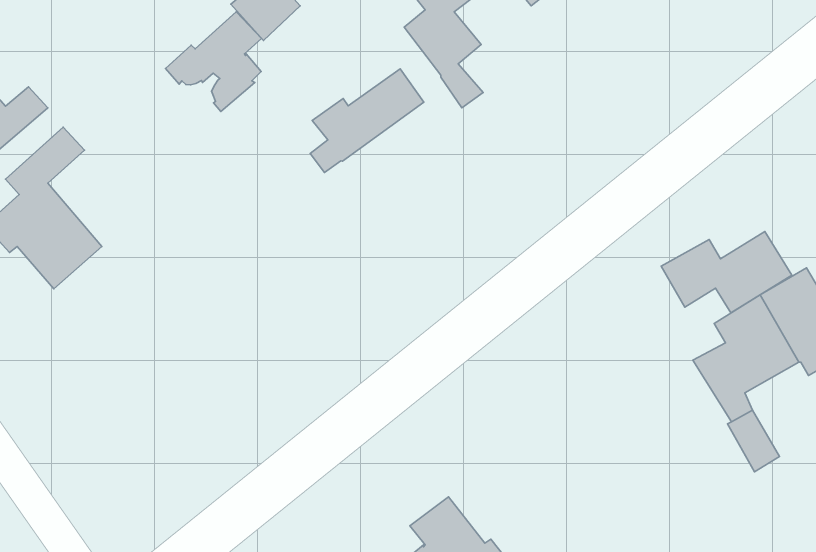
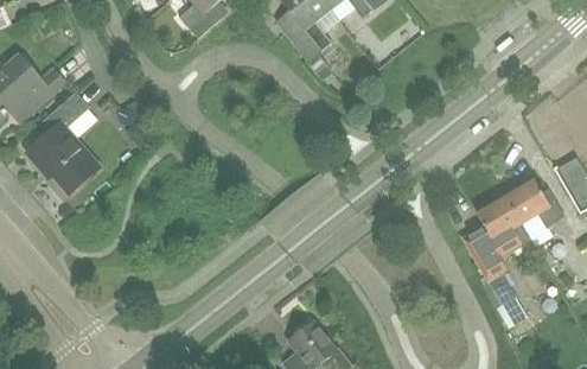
building: [166,12,262,112] -> none
building: [310,69,424,173] -> none
building: [661,231,792,313] -> none

